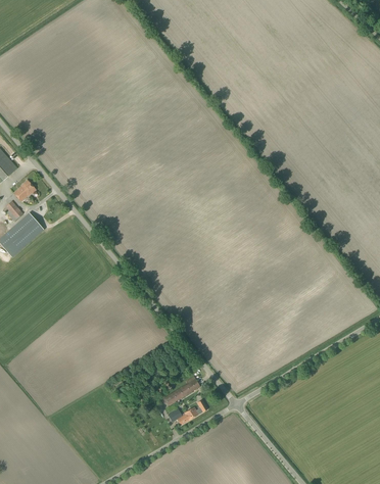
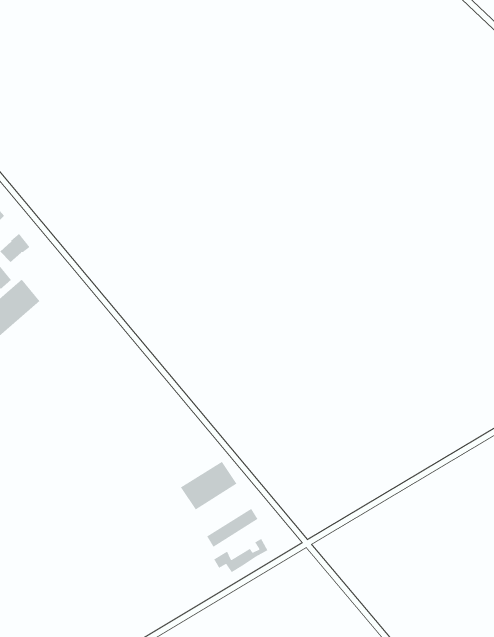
building: none -> [180,461,238,510]

